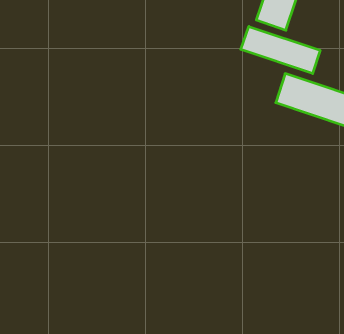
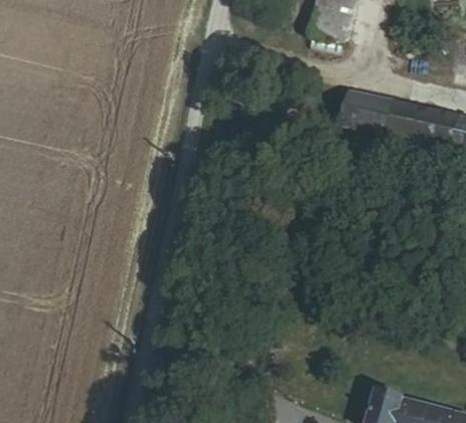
building: [241,26,320,74] -> none

